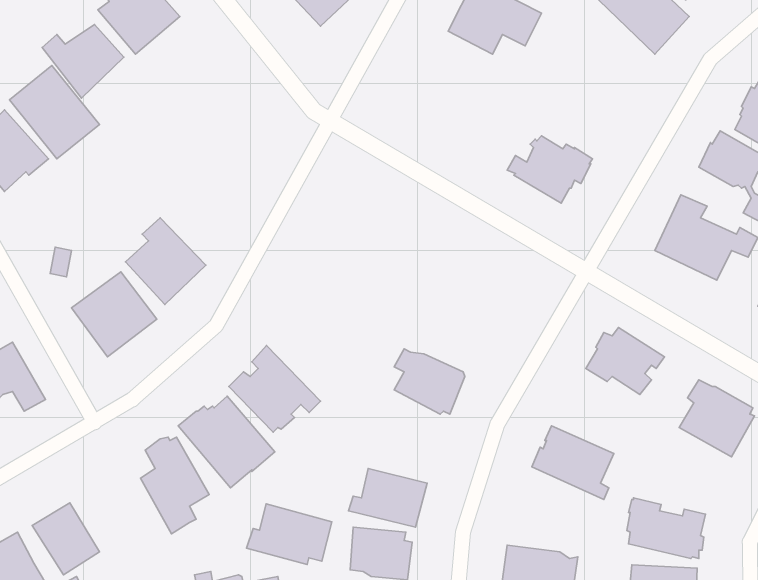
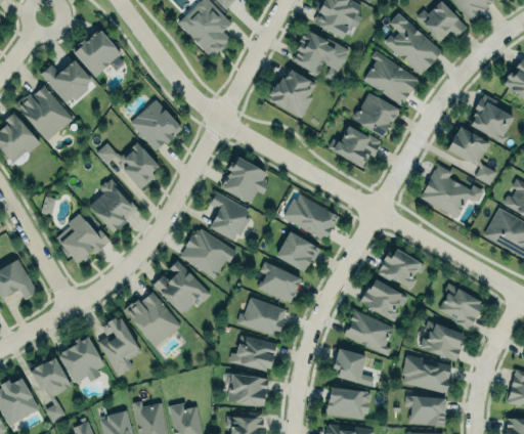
building: none -> [362,54,420,105]
building: none -> [268,71,315,120]
building: none -> [352,94,399,139]
building: none -> [130,98,181,149]
building: none -> [96,140,159,188]
building: none -> [221,153,270,203]
building: none -> [210,190,251,238]
building: none -> [282,193,339,240]
building: none -> [180,228,236,277]
building: none -> [274,228,322,270]
building: none -> [359,276,409,320]
building: none -> [420,319,463,360]
building: none -> [59,336,104,381]
building: none -> [334,346,376,387]
building: [247,504,332,564] -> [235,296,289,334]

